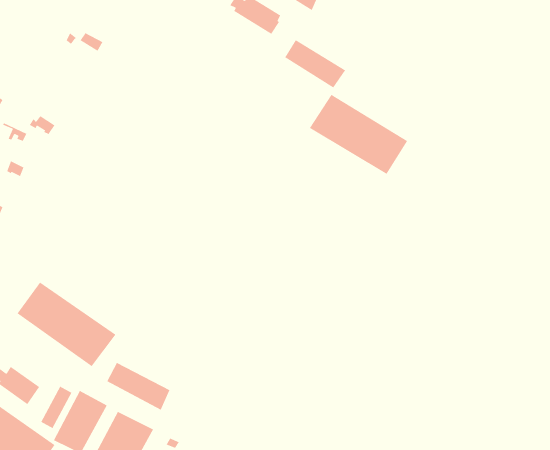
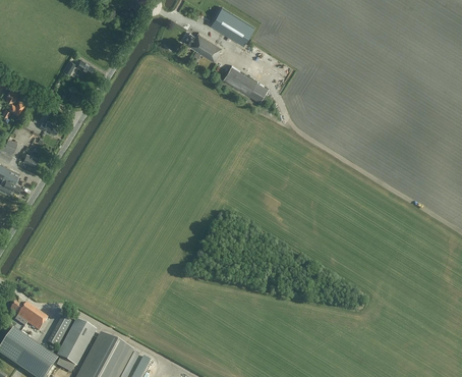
building: [309,94,408,175] -> none
building: [16,281,117,367] -> none
building: [106,362,171,411] -> none

